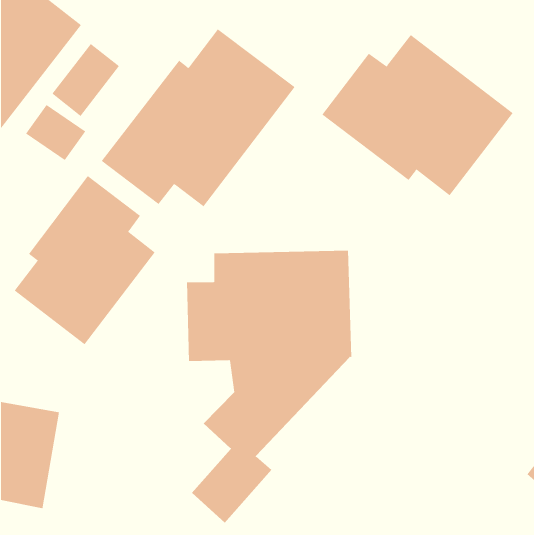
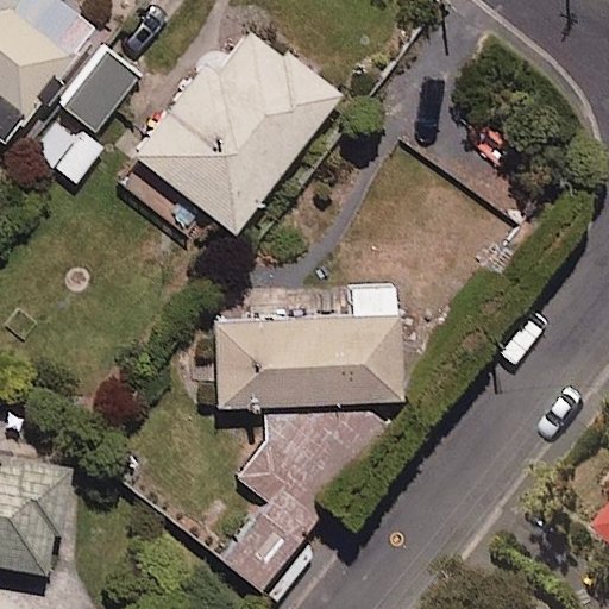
building: [321,34,514,196] -> none
building: [14,175,156,345] -> none

